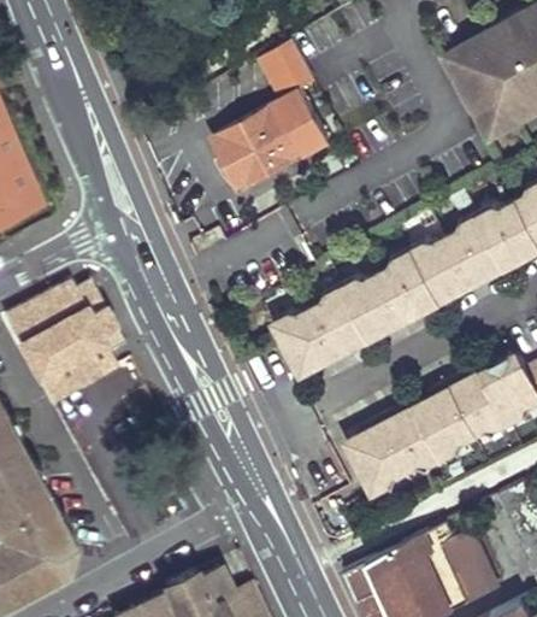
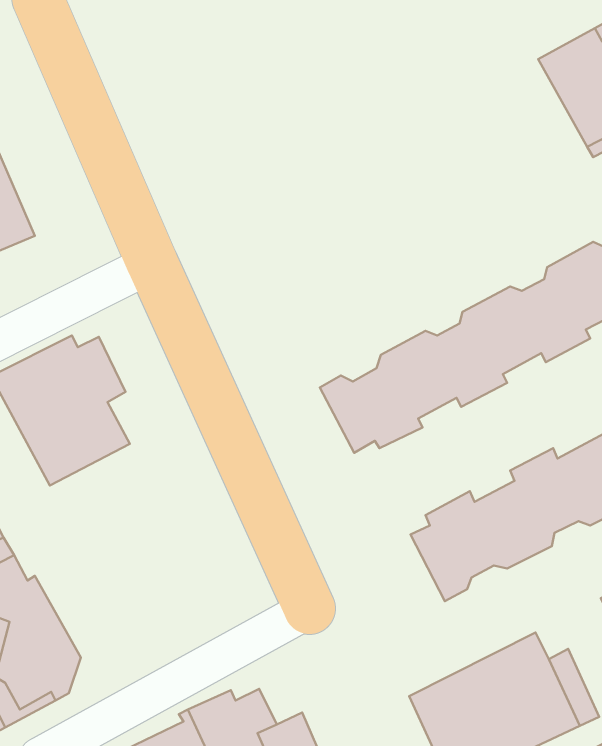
building: [213,42,330,193] -> none

